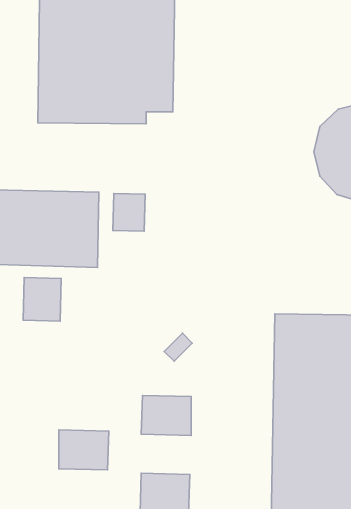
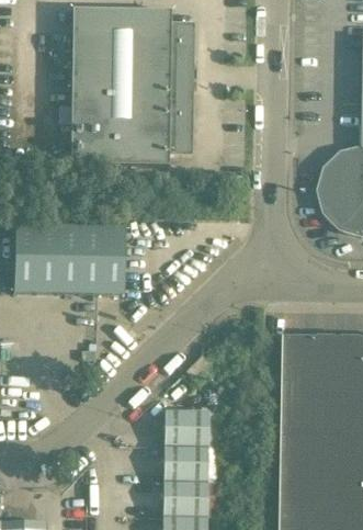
building: [113,193,145,231] -> none
building: [23,277,61,321] -> none
building: [59,430,109,470] -> [163,443,208,480]

